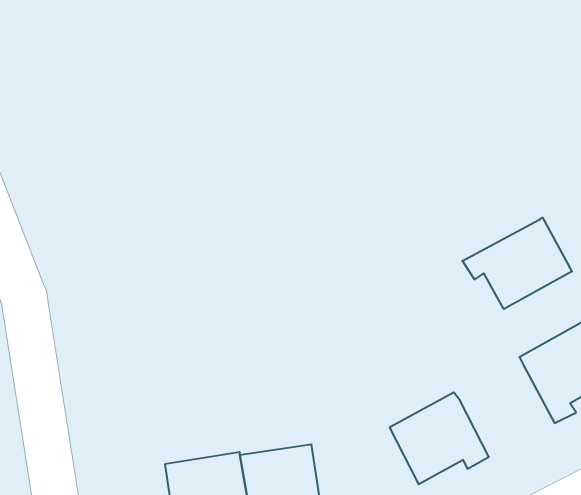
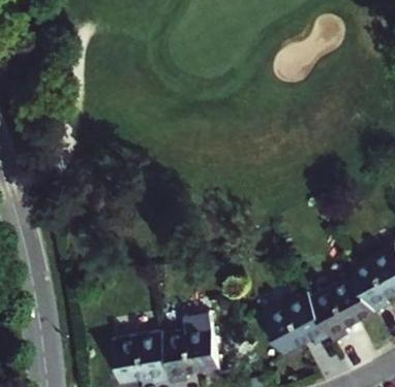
building: [462,218,572,309] -> none
building: none -> [312,273,376,340]

